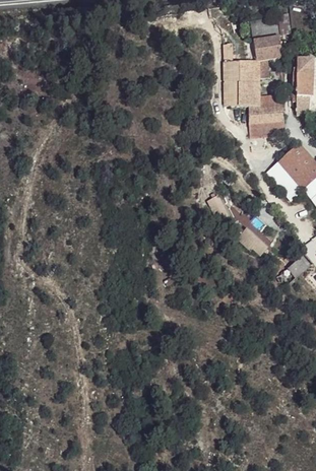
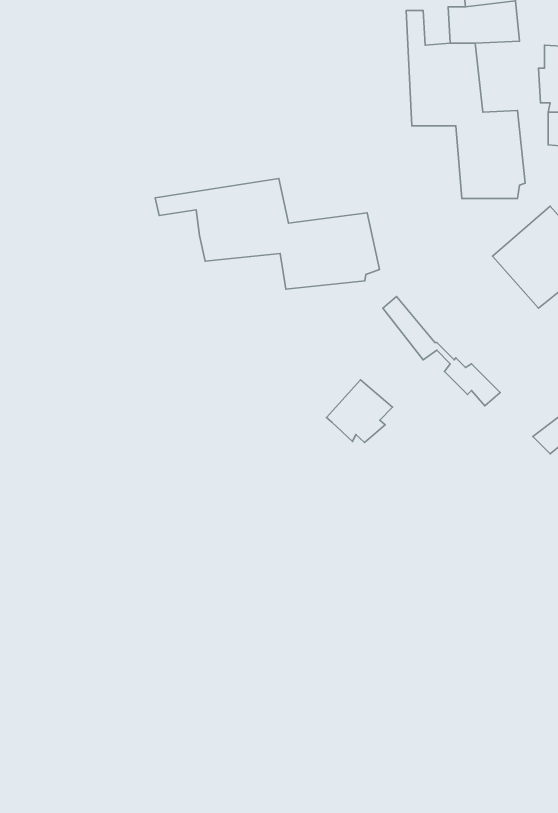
building: none -> [155,178,380,289]
building: none -> [327,380,393,442]

